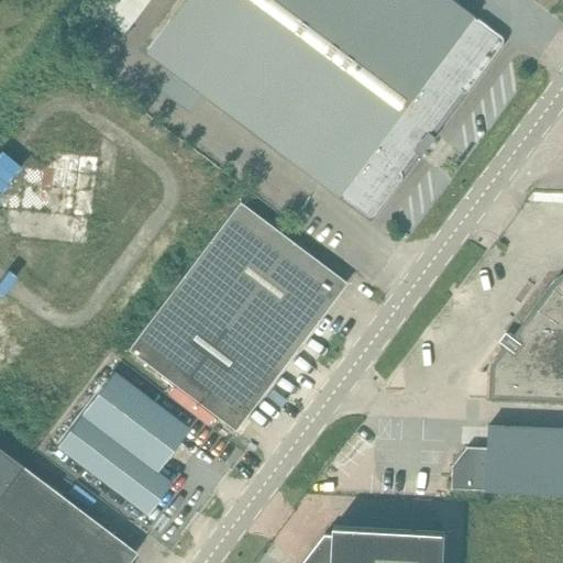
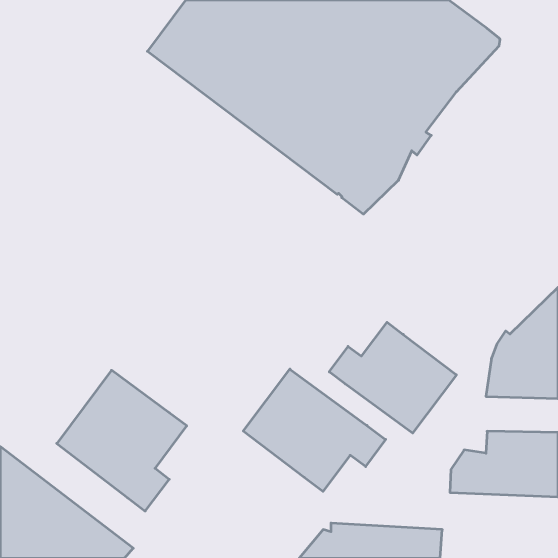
building: [129,203,345,431] -> none
building: none -> [329,322,456,433]
building: none -> [243,369,386,491]

